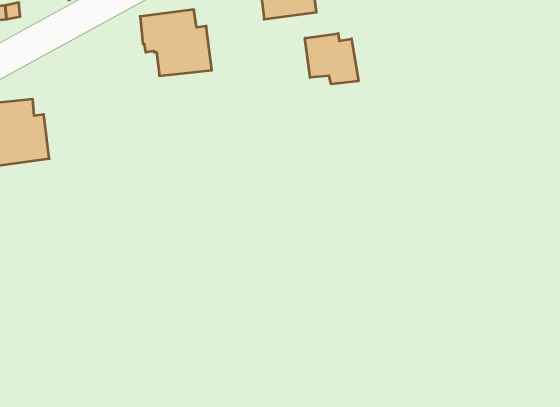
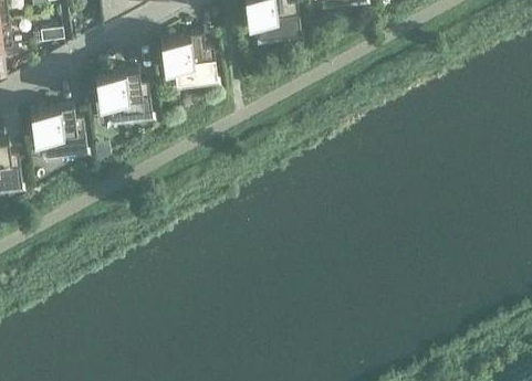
building: [305,33,358,84] -> none
building: none -> [94,71,152,125]

